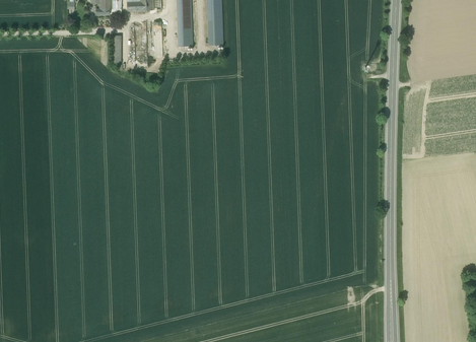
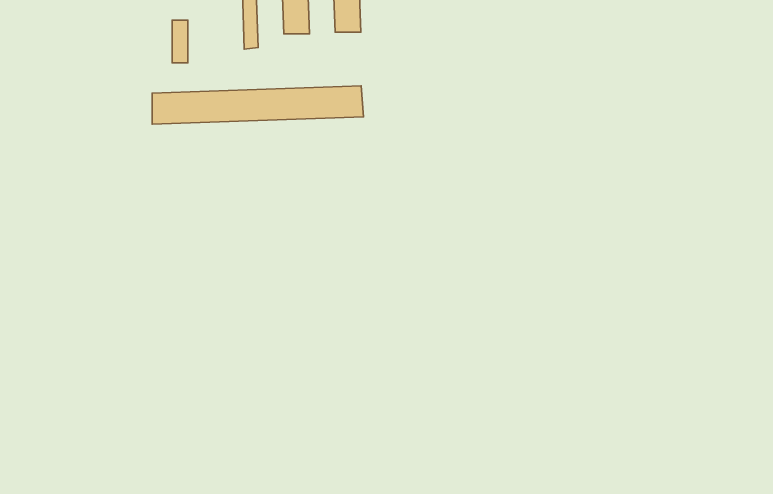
building: none -> [152,86,363,124]

